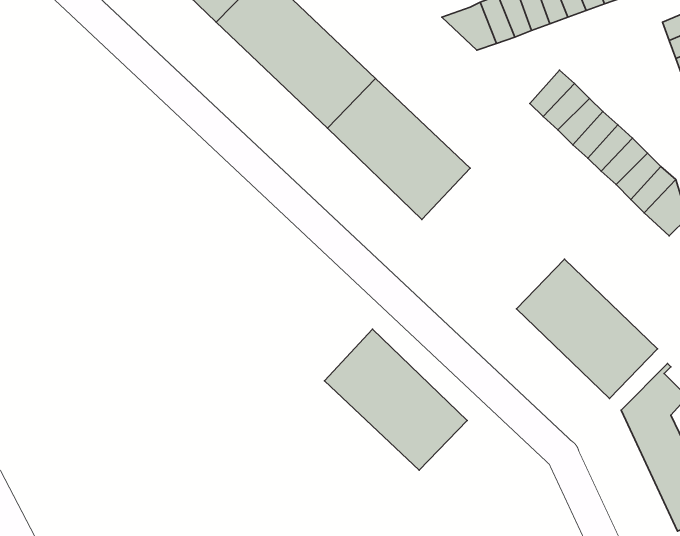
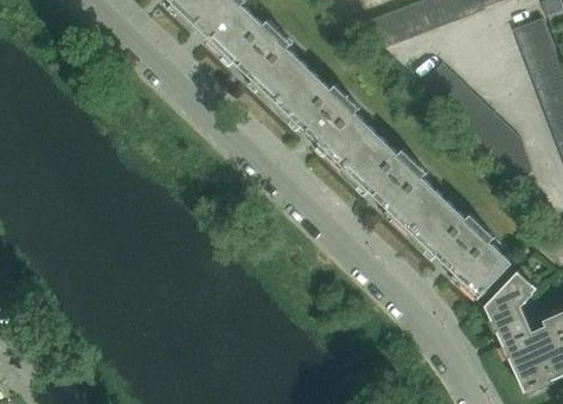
building: [325,329,467,470] -> [344,132,446,232]

